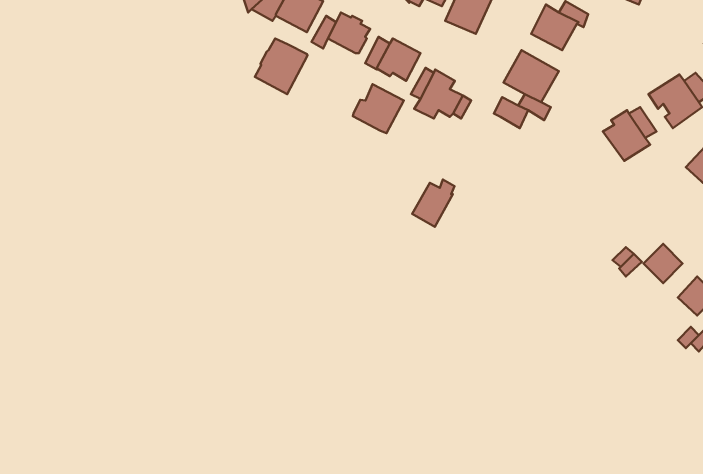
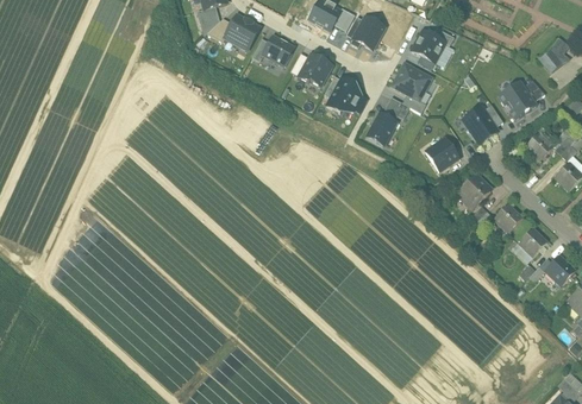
building: [255,38,307,94] -> none
building: [353,84,404,133] -> none
building: none -> [426,138,459,170]
building: [412,180,454,227] -> [367,111,398,145]
building: none -> [457,172,490,209]

